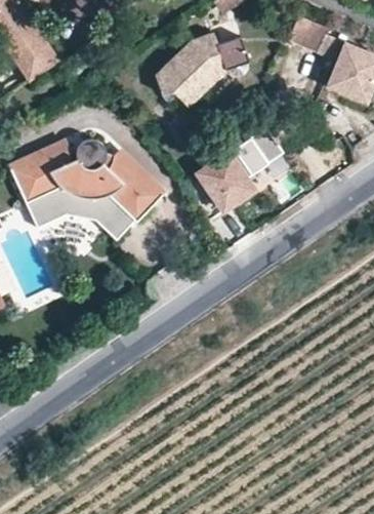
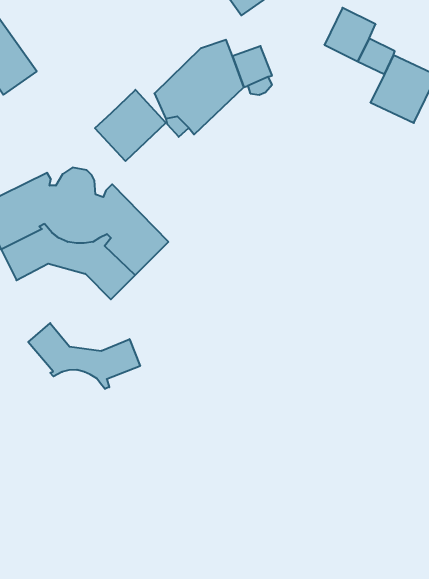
building: none -> [95,90,166,161]
building: [199,127,285,210] -> none
building: none -> [28,323,140,389]

